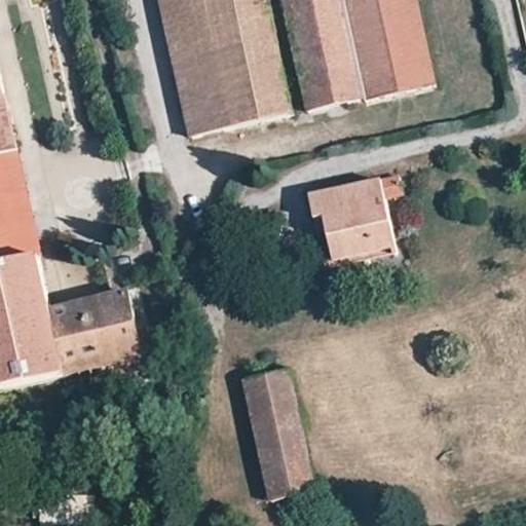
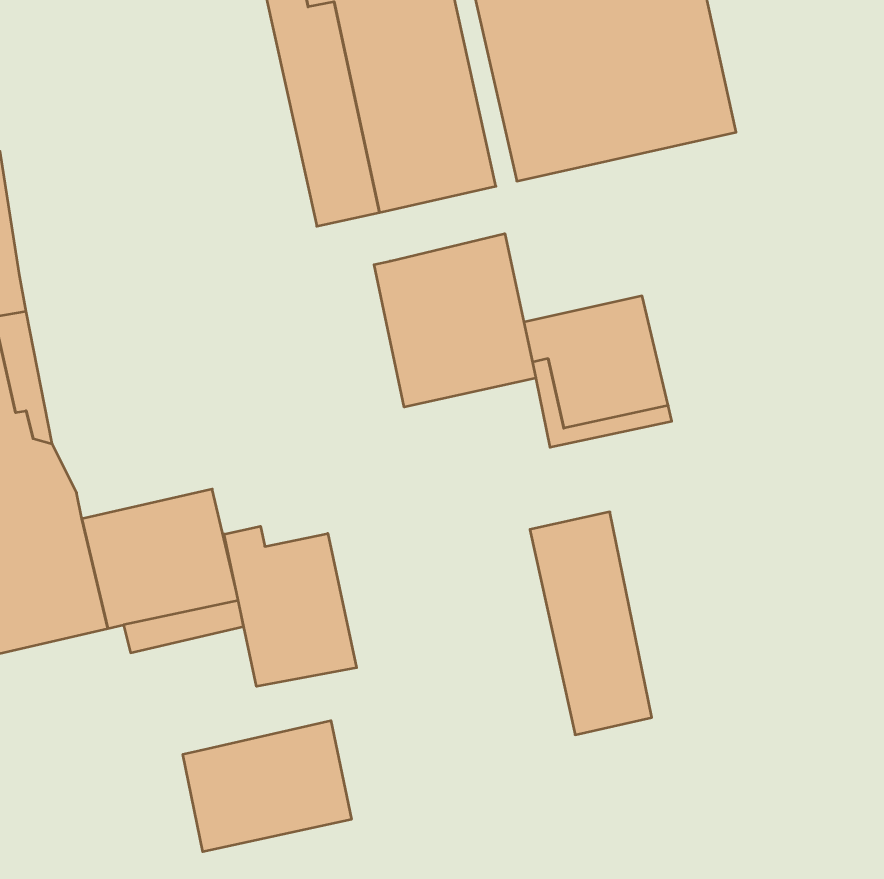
building: none -> [374,234,536,407]
building: none -> [224,526,357,686]
building: [241,366,313,497] -> [530,512,652,735]
building: none -> [183,721,351,852]

